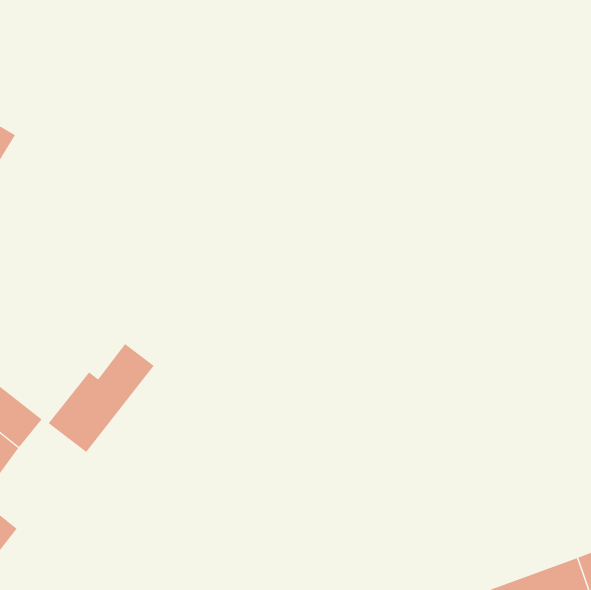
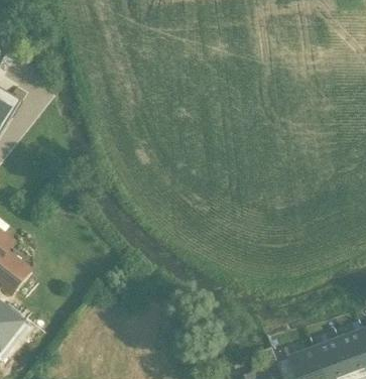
building: [48,343,154,453] -> none

